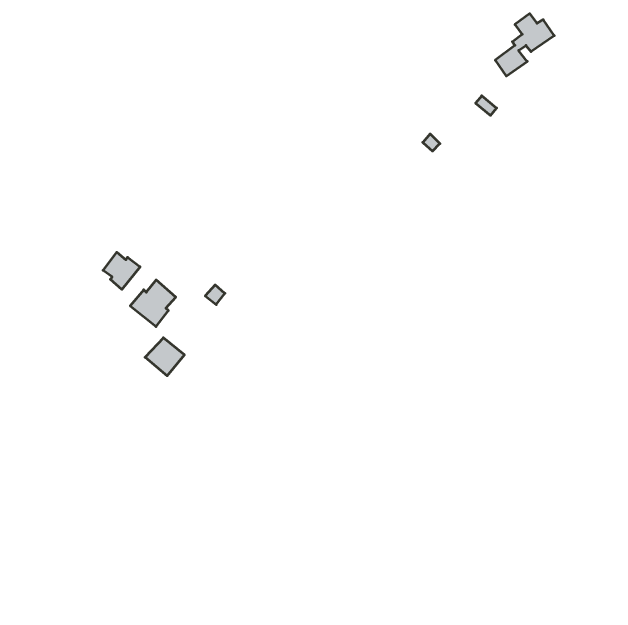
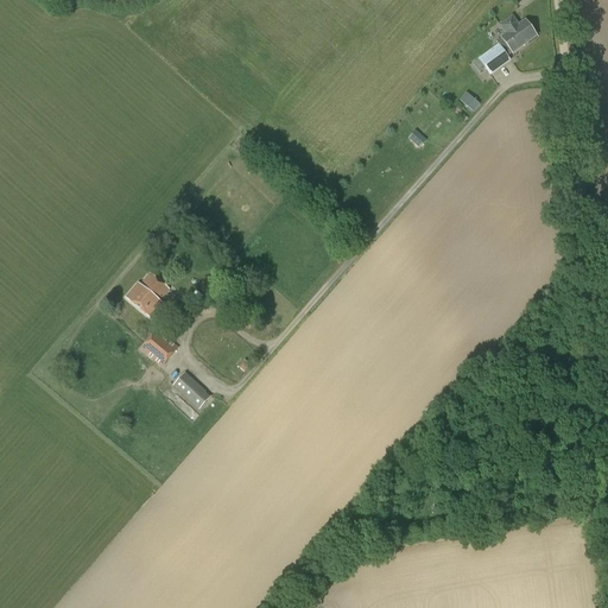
building: [103,252,140,289] -> none
building: none -> [171,370,211,408]

